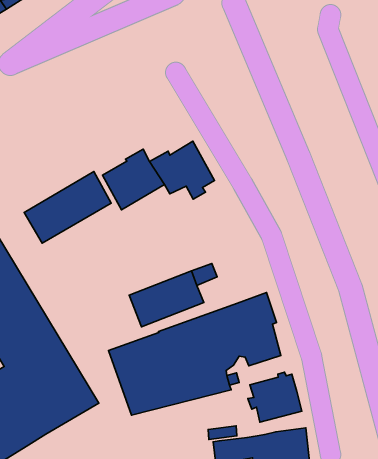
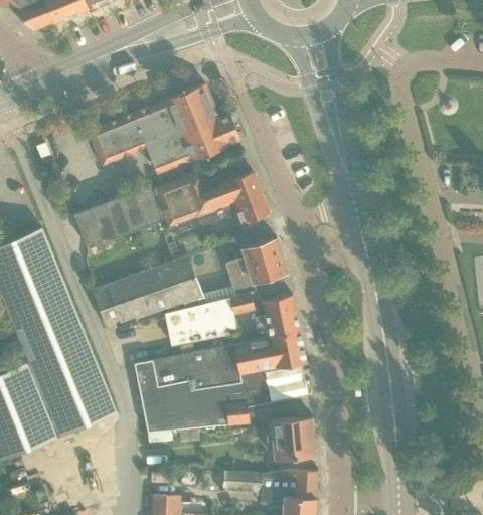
building: none -> [89,84,238,174]
building: none -> [225,238,287,296]
building: none -> [93,256,203,326]
building: none -> [255,295,300,338]

